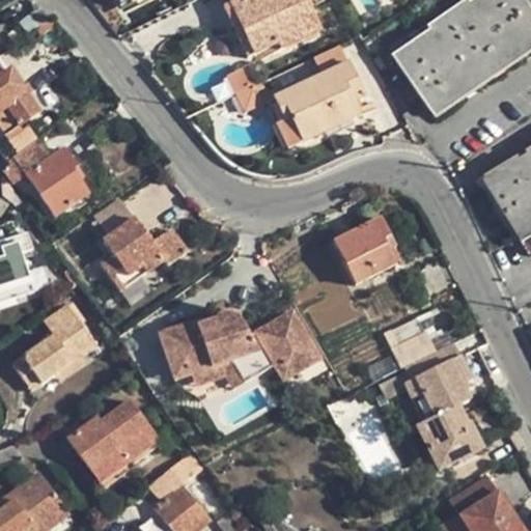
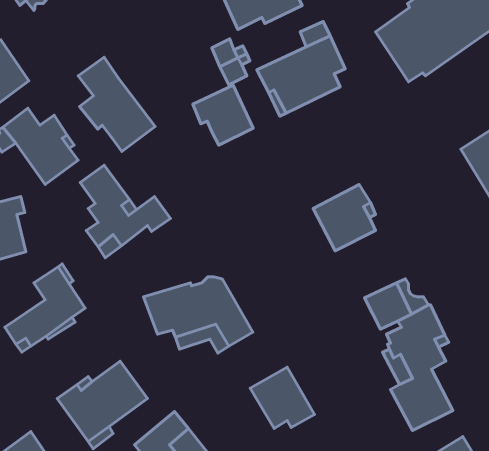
building: none -> [78,57,155,152]
building: none -> [193,85,253,145]
building: [254,310,320,373] -> [250,367,314,428]

